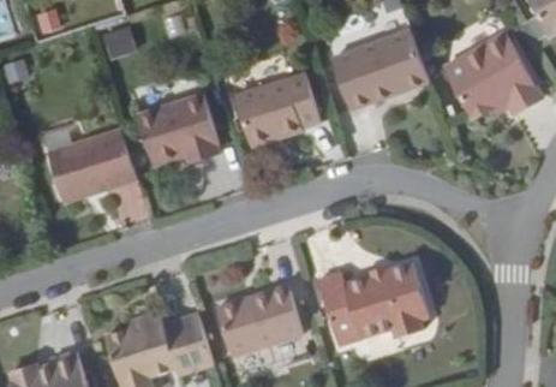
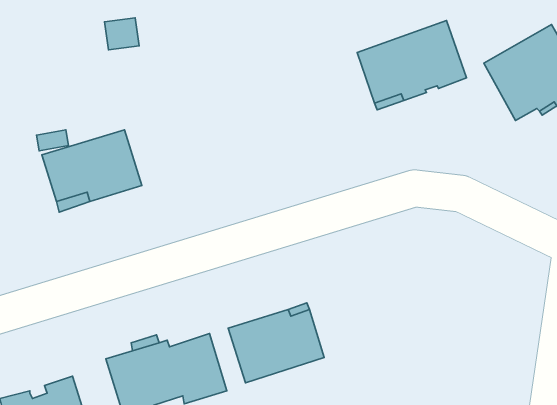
building: [234,75,321,147] -> none
building: [137,95,219,165] -> none
building: [319,261,432,344] -> none

